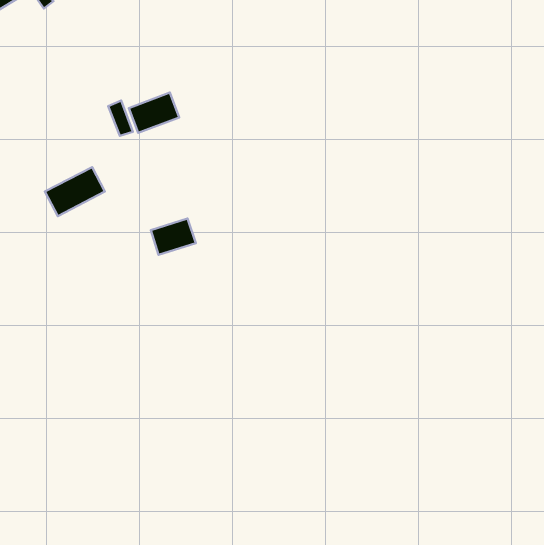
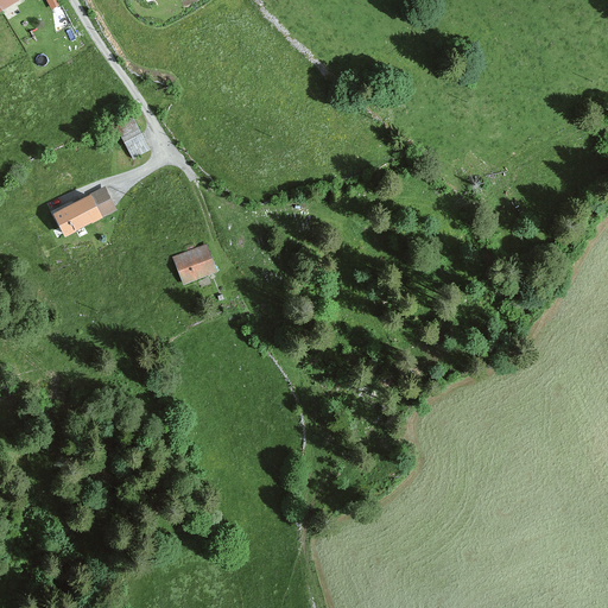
building: [129,93,179,133] -> none

